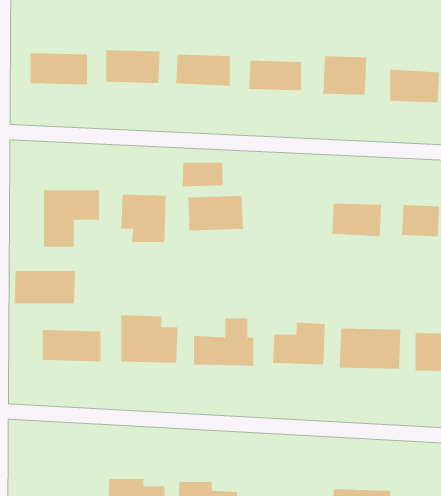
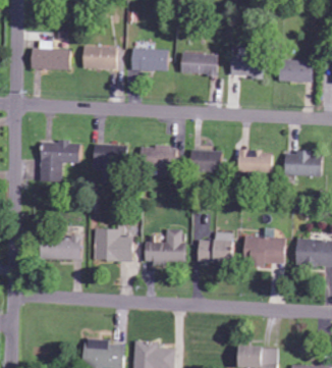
building: [182,162,224,187] -> none
building: none -> [190,151,222,172]
building: [14,270,76,304] -> none

